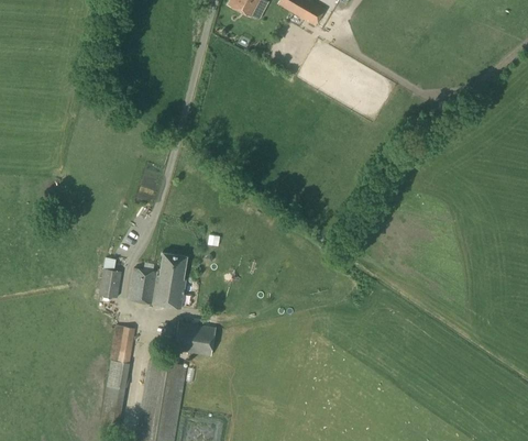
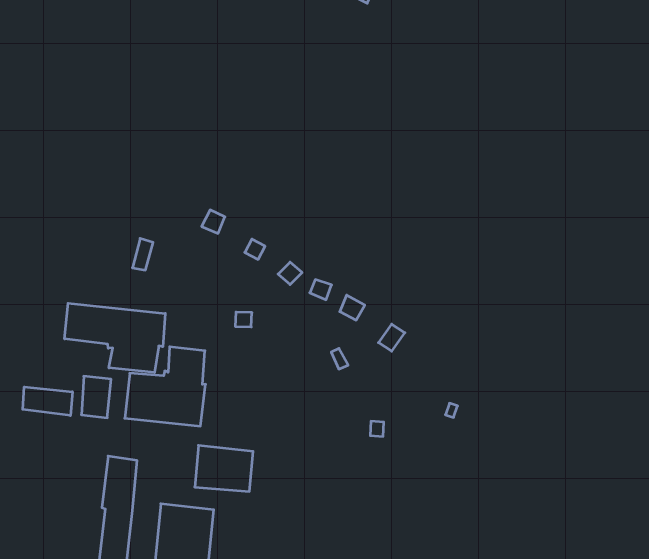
building: none -> [65,303,165,372]
building: none -> [23,387,72,416]

